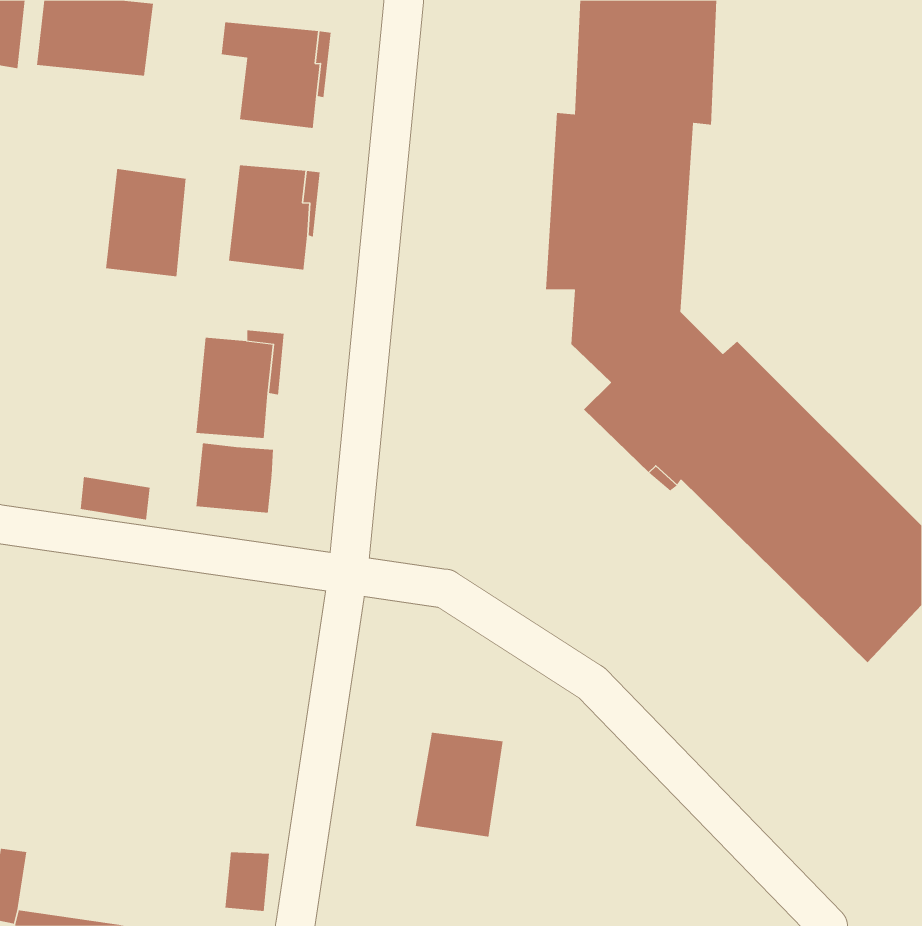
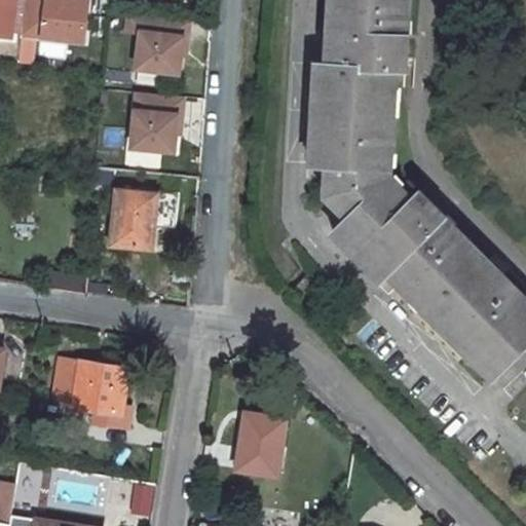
building: [106,168,186,277] -> none
building: [196,443,274,514] -> none
building: none -> [51,359,130,429]

